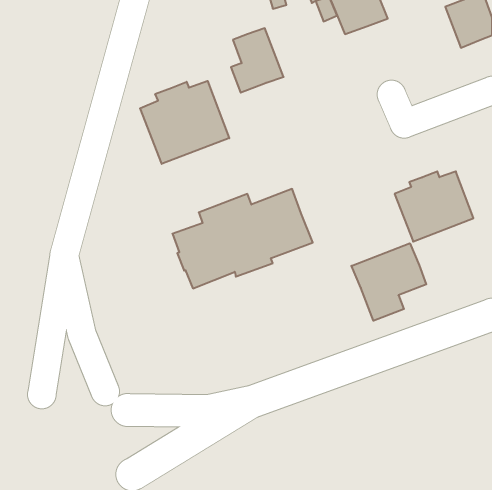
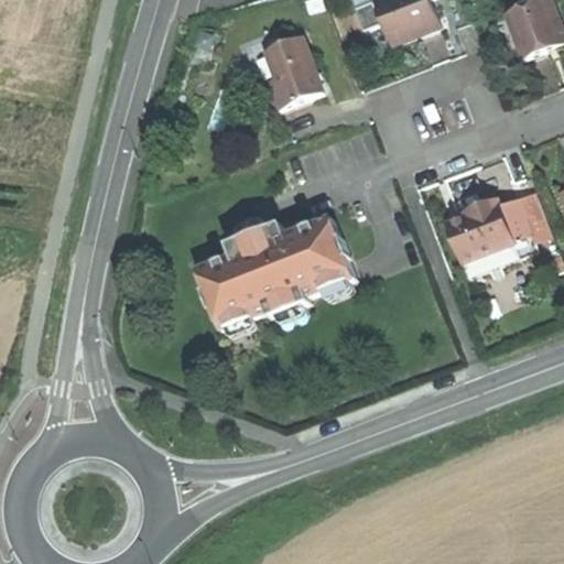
building: [140,81,229,164] -> none
building: [351,243,426,321] -> none

